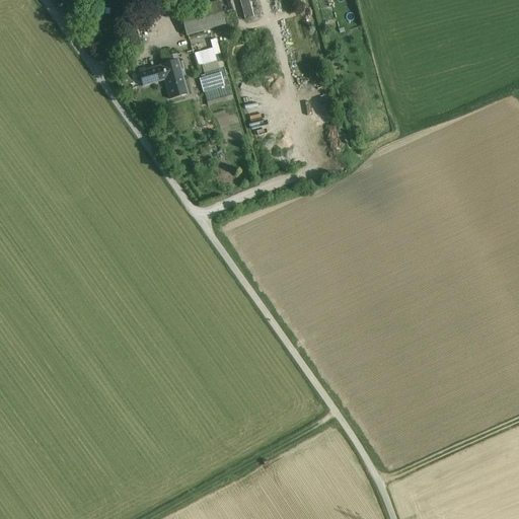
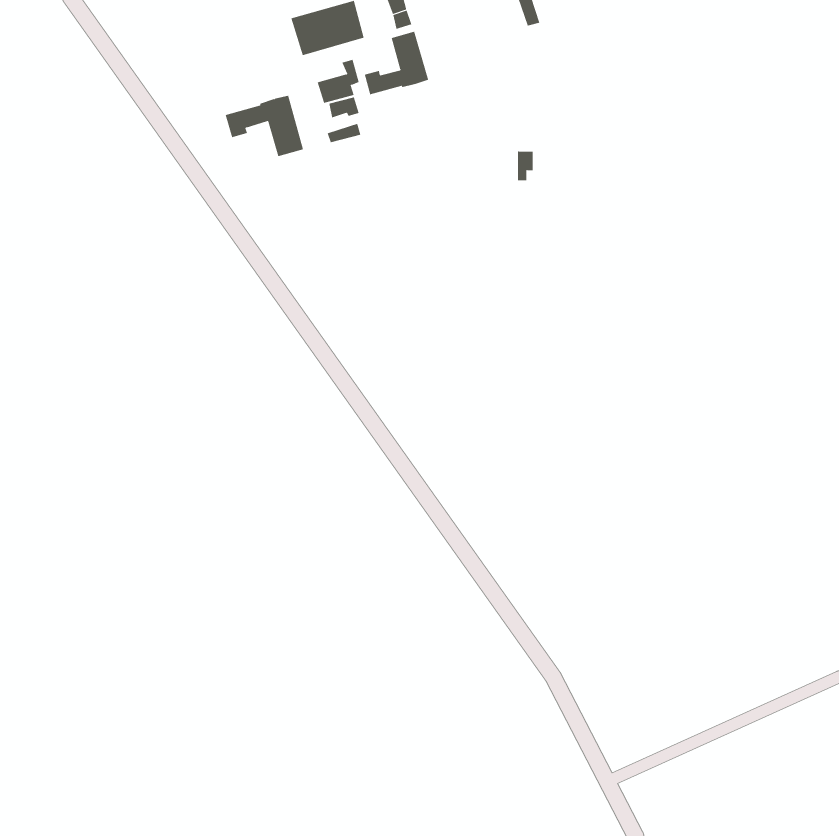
building: none -> [364,31,429,95]

